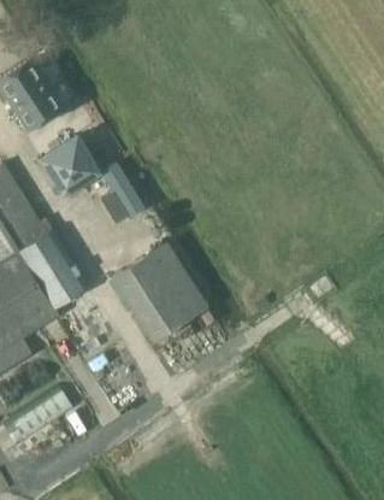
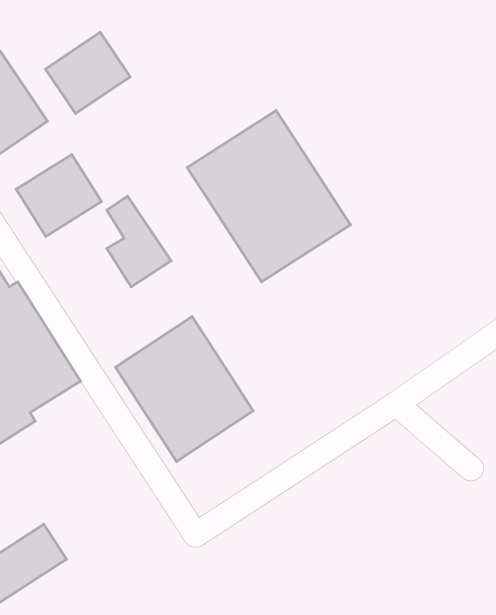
building: none -> [45,32,130,114]
building: none -> [187,110,351,282]

